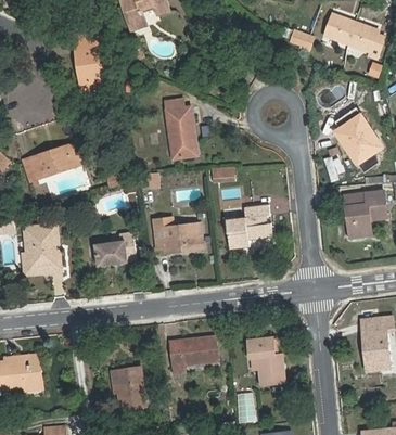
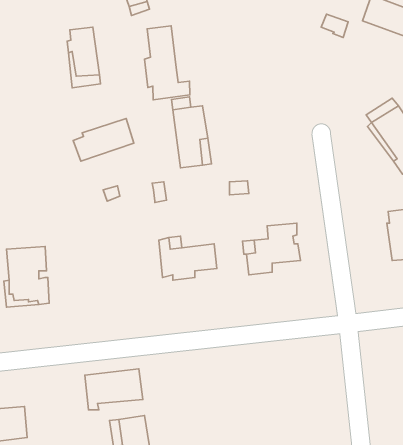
building: none -> [144,26,190,100]
building: [29,143,80,179] -> [73,119,134,161]
building: [93,232,135,265] -> none
building: [169,336,218,371] -> [85,369,143,410]
building: [247,337,284,385] -> none

